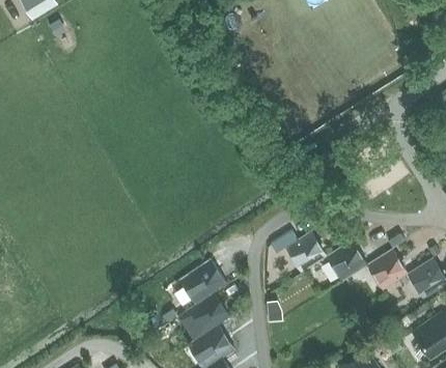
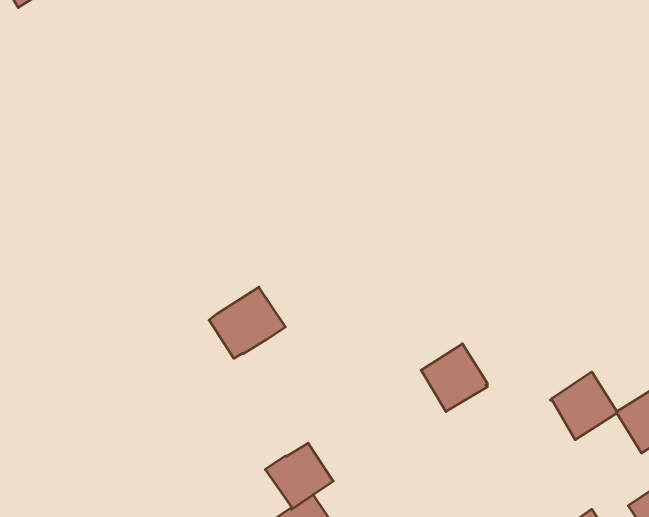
building: [326,240,367,282] -> none
building: [179,260,227,305] -> [209,287,285,358]

